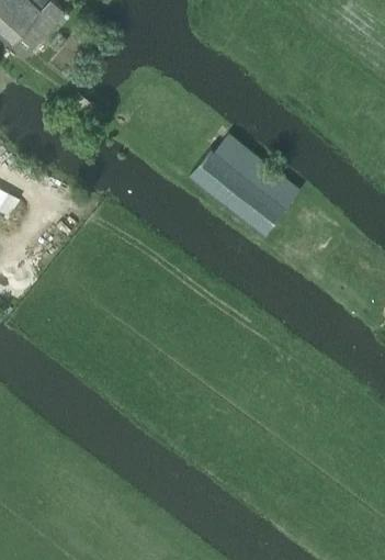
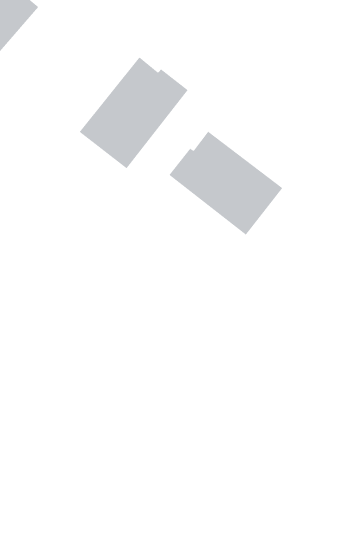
building: none -> [79,57,189,169]

